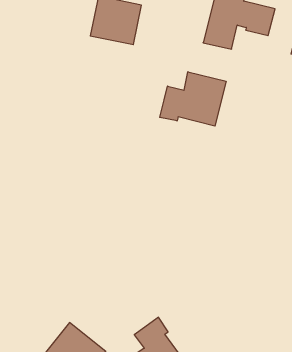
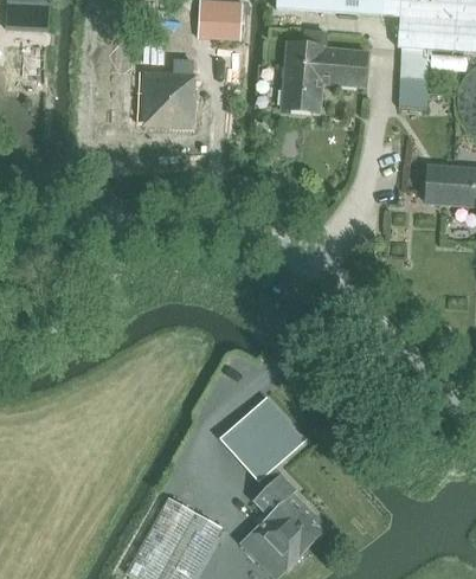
building: [160,72,226,126] -> none
building: none -> [219,397,304,487]

